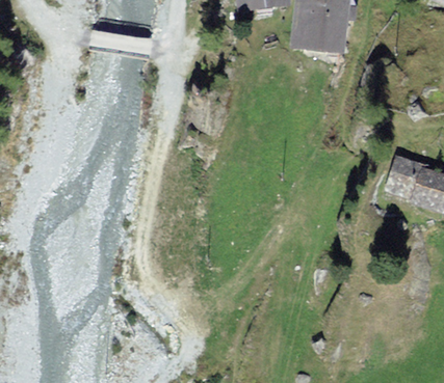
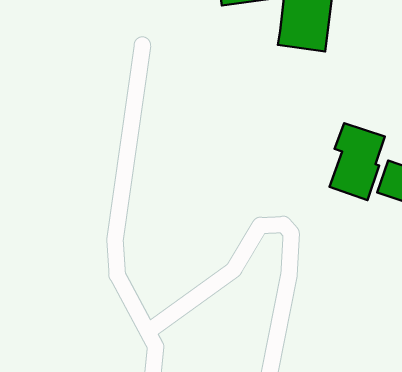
building: none -> [330,123,385,200]

